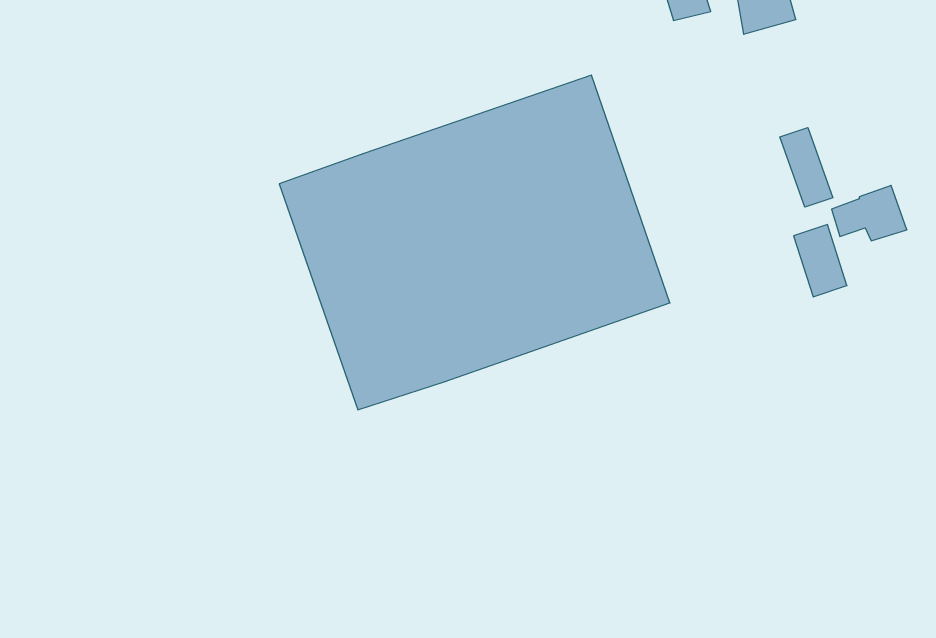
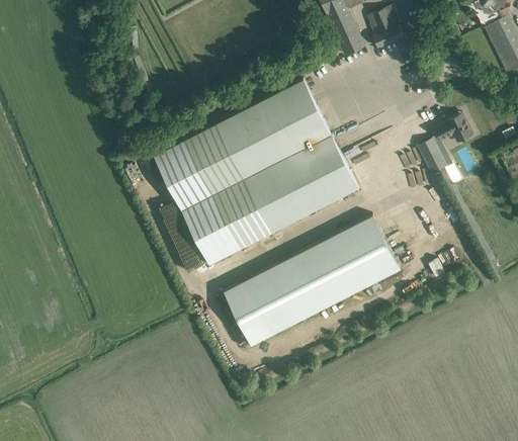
building: [780,128,833,207] -> none
building: none -> [225,215,401,346]

